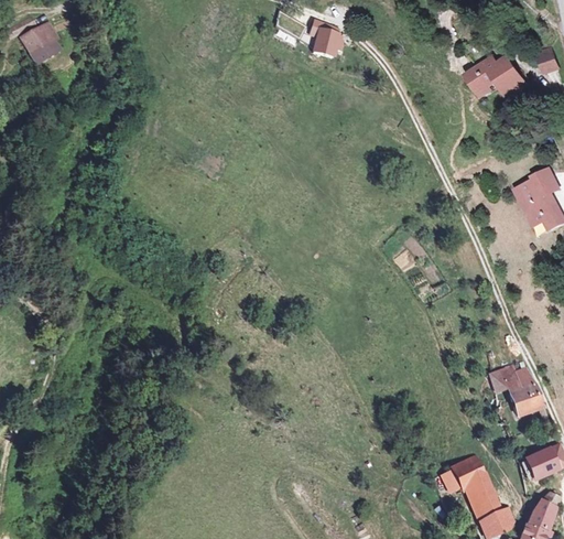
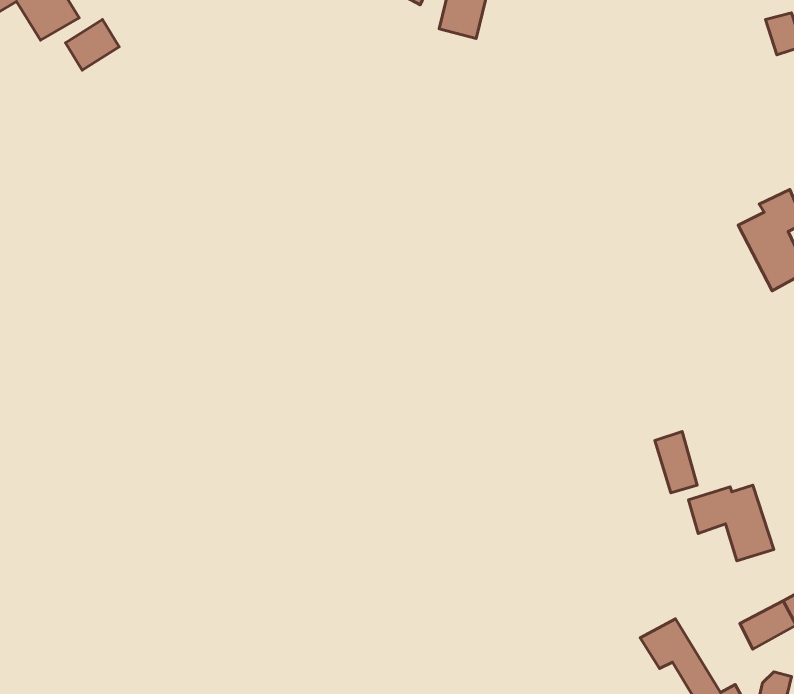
building: none -> [65,19,119,70]
building: [463,53,529,103] -> none
building: none -> [655,431,697,493]

